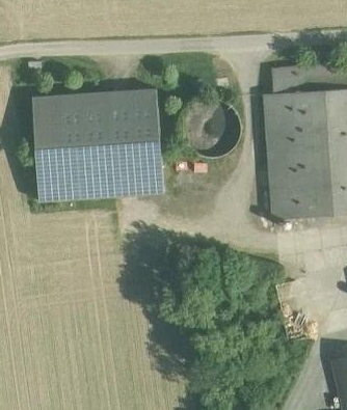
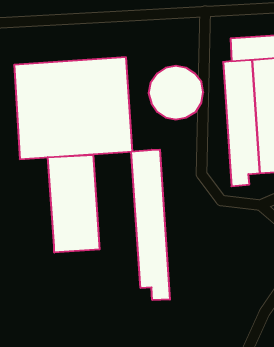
building: none -> [131,150,170,300]
building: none -> [48,155,100,253]

